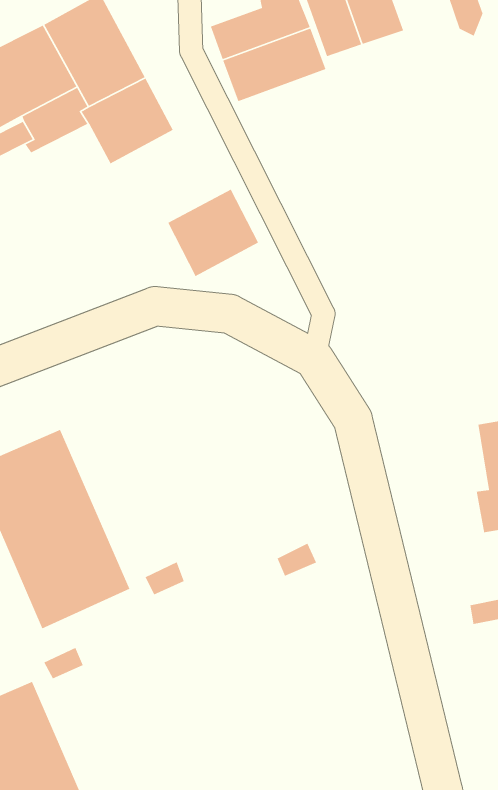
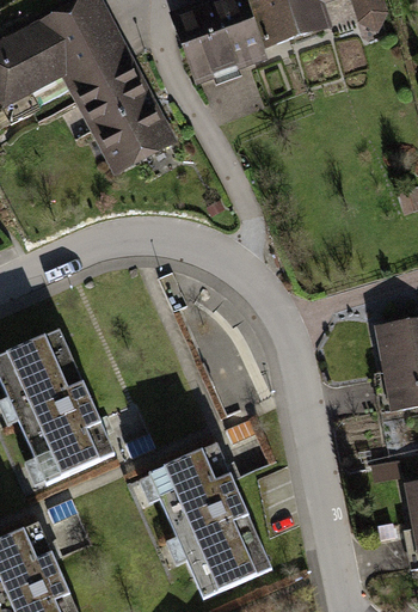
building: [167,188,259,277] -> [98,100,168,169]
building: none -> [148,445,272,598]

